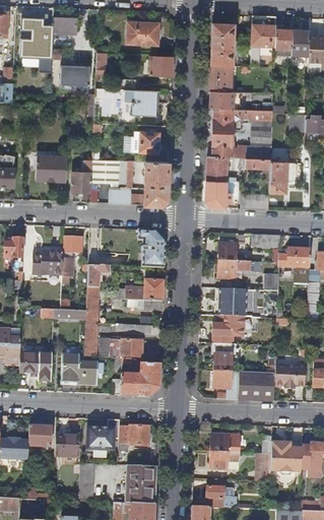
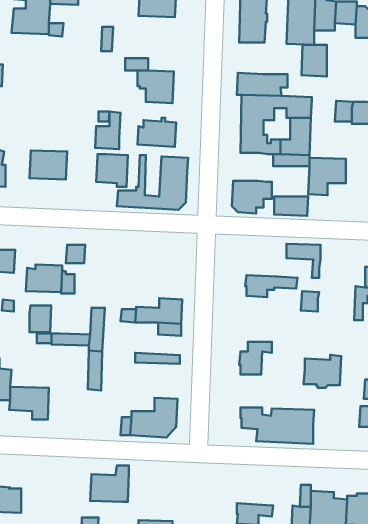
building: [149,55,173,75] -> none
building: [60,65,89,84] -> none
building: [210,65,232,91] -> [301,45,327,76]
building: [206,157,228,181] -> none
building: [71,159,92,191] -> [95,112,120,149]
building: [138,230,165,268] -> none
building: [217,242,244,261] -> none
building: [278,248,310,267] -> none
building: [87,265,106,287] -> [29,306,51,332]
building: [217,287,247,317] -> none
building: [109,338,142,358] -> none
building: [211,343,232,371] -> none
building: [61,354,98,384] -> none
building: [273,361,305,388] -> [304,355,341,388]
building: [28,426,51,450] -> none
building: [118,426,148,452] -> none
building: [55,434,80,457] -> none
building: [209,434,240,453] -> none

